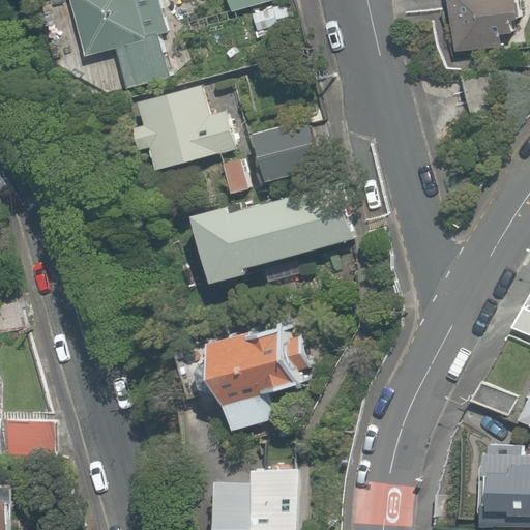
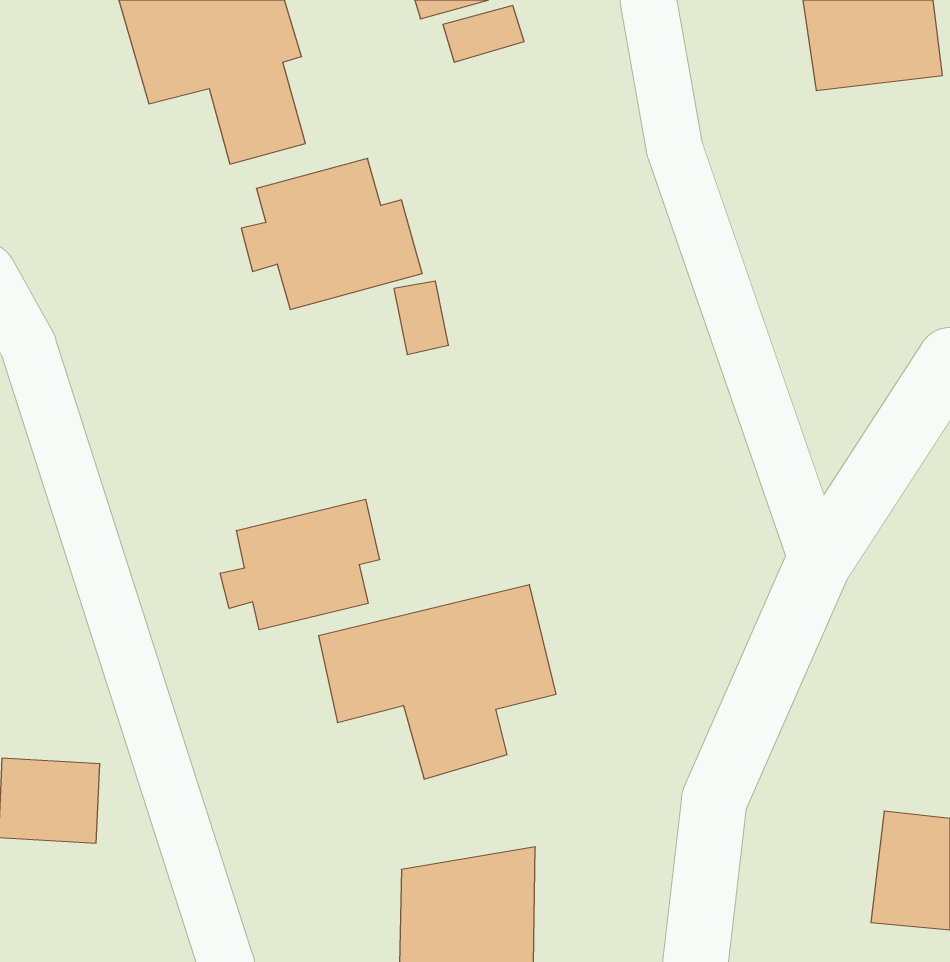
building: [258,120,318,176] -> none
building: [196,182,353,278] -> none
building: none -> [220,499,379,630]

